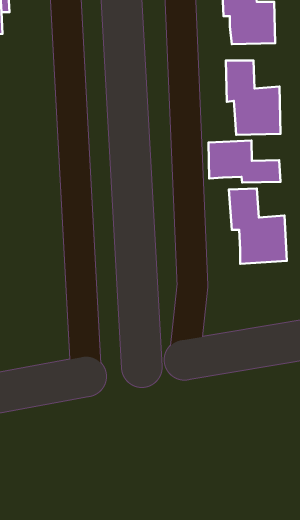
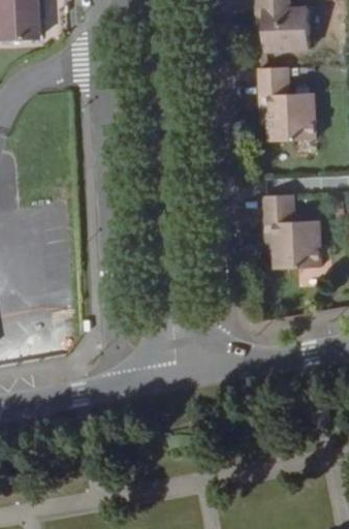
building: [208,141,281,182] -> none

